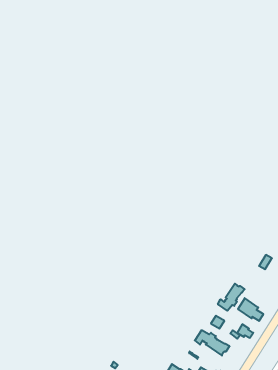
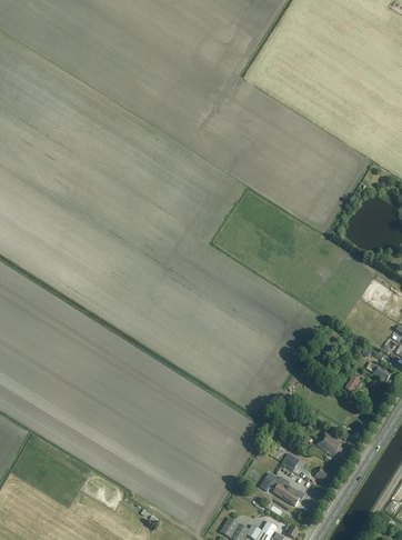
building: [218,284,245,311] -> none

